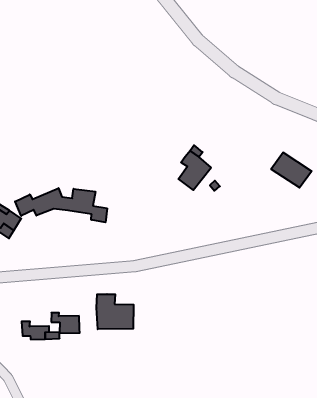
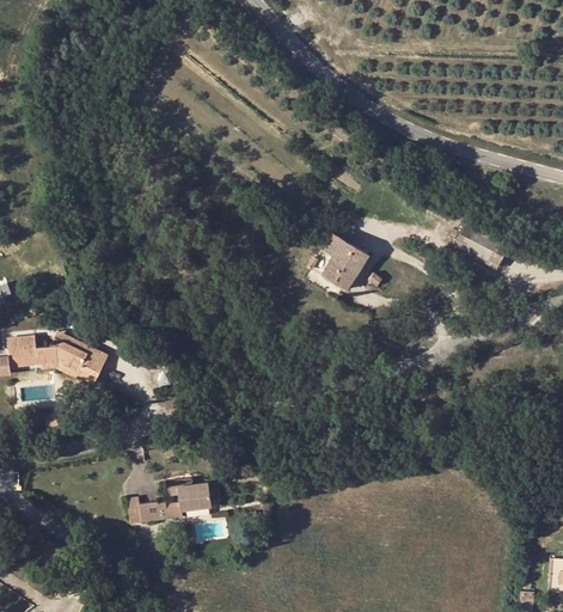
building: [15,188,107,222] -> none
building: [97,294,134,329] -> none

